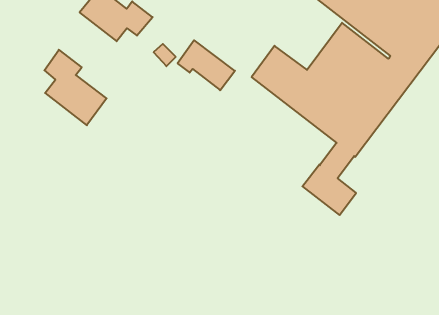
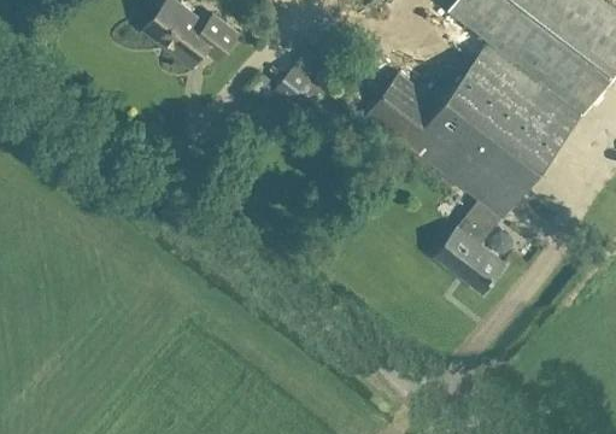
building: [44,50,107,125] -> none

